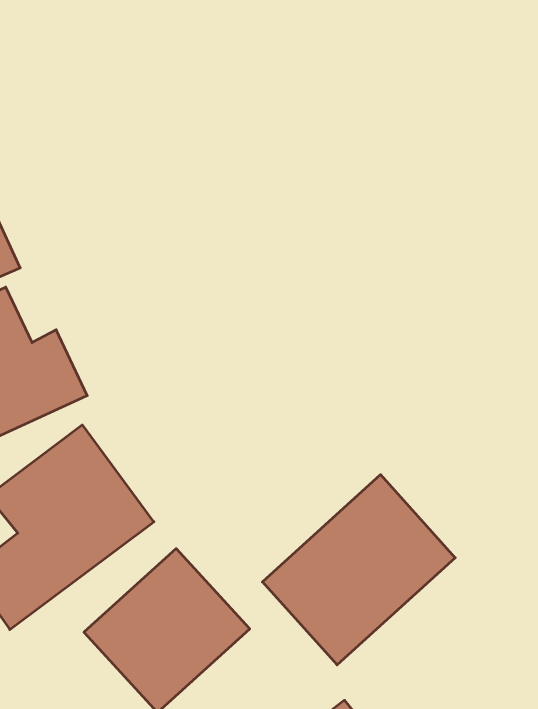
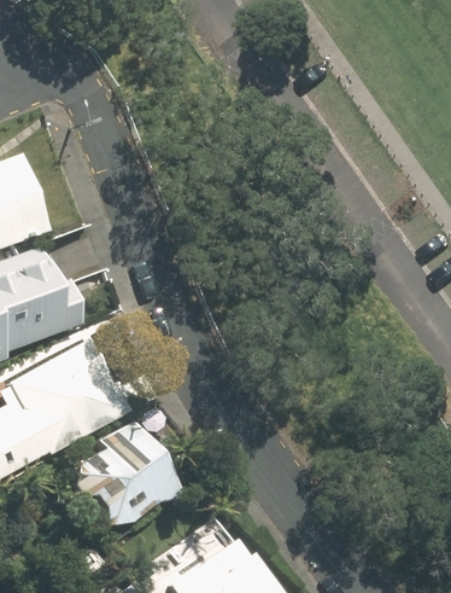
building: [262,475,455,665] -> none

